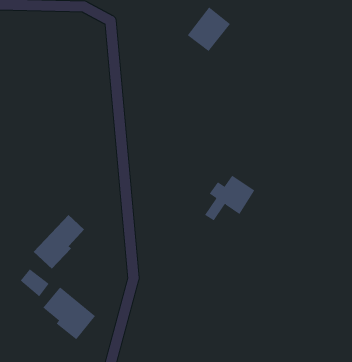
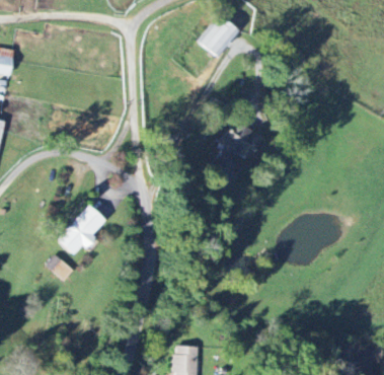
building: [204,175,255,221] -> [216,124,262,166]
building: [43,287,96,340] -> none

